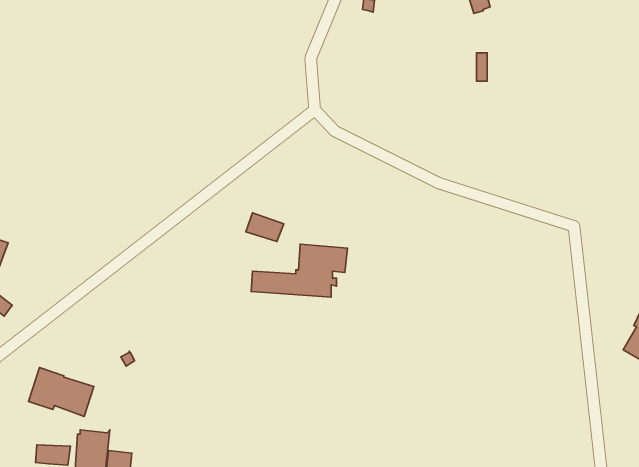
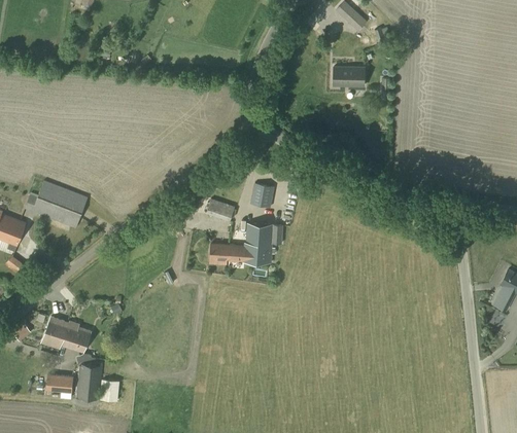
building: none -> [334,67,365,86]
building: none -> [25,181,88,228]
building: none -> [250,183,274,208]

